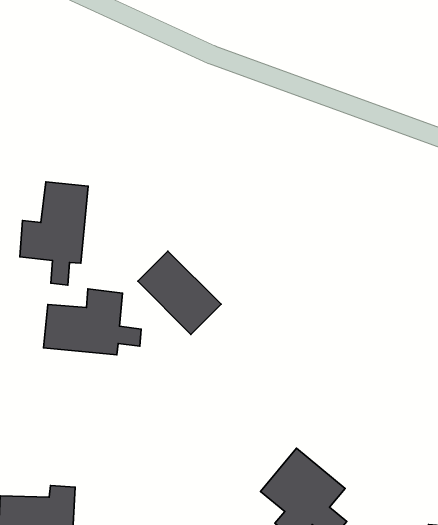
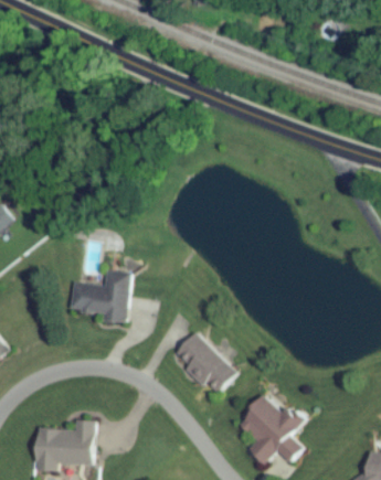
building: [20,182,88,285] -> none
building: [138,251,221,334] -> [173,332,237,396]

